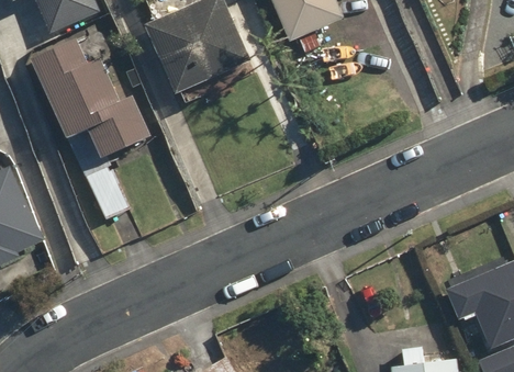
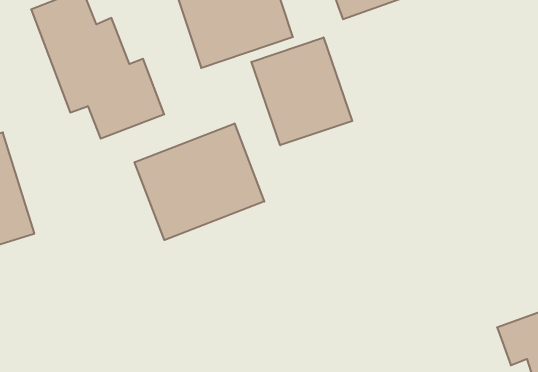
building: none -> [251,37,352,145]
building: none -> [135,123,264,240]

